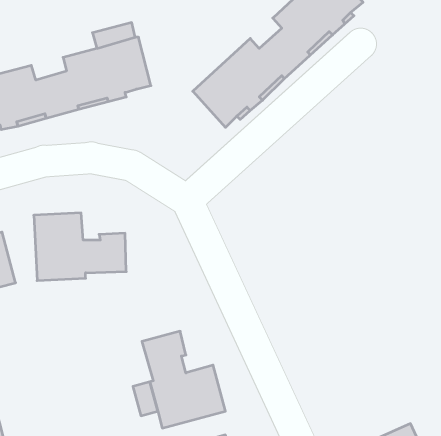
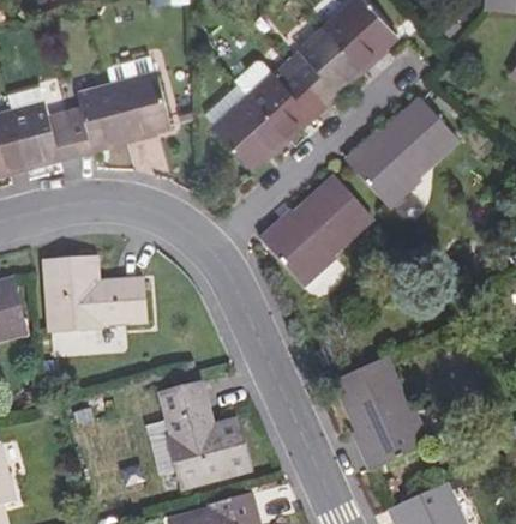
building: none -> [346,97,458,206]
building: none -> [260,175,372,284]
building: none -> [335,357,428,470]

